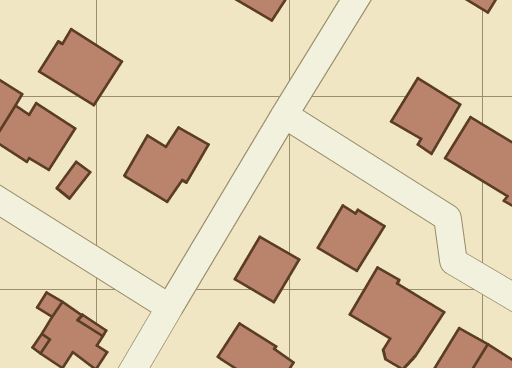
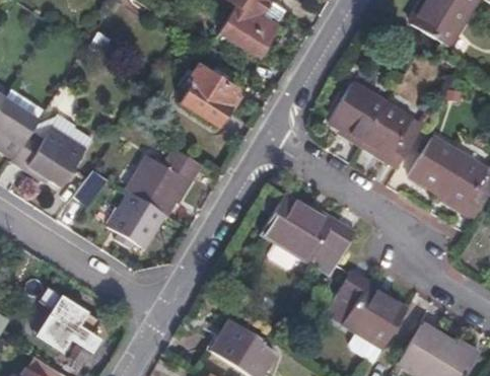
building: [39,29,122,105] -> none
building: none -> [180,64,238,124]
building: none -> [328,83,386,147]
building: none -> [107,191,164,247]
building: [235,237,299,302] -> [263,196,320,253]

